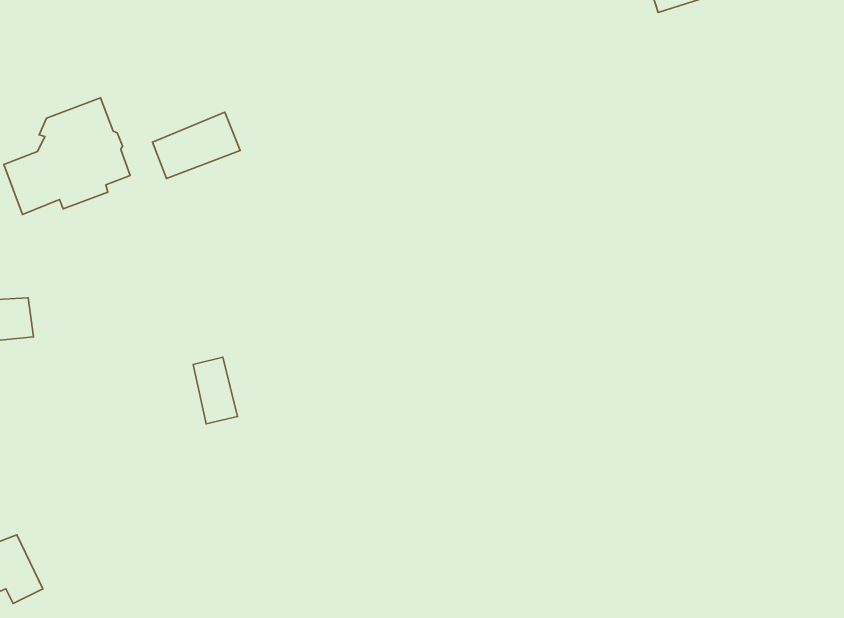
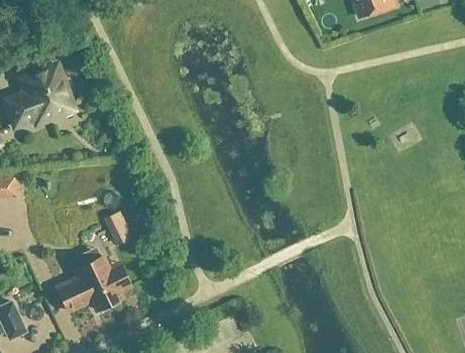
building: [153,112,240,179] -> none
building: none -> [57,256,127,312]

